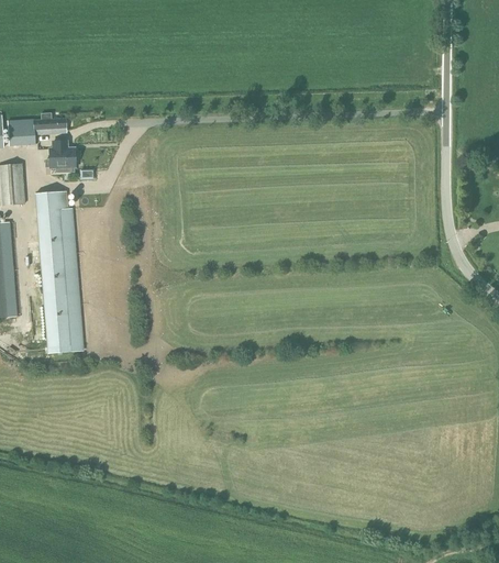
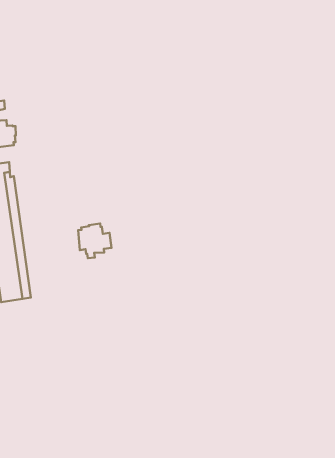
building: none -> [78,223,112,258]

